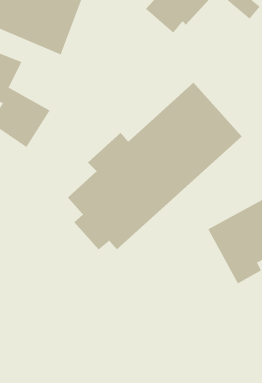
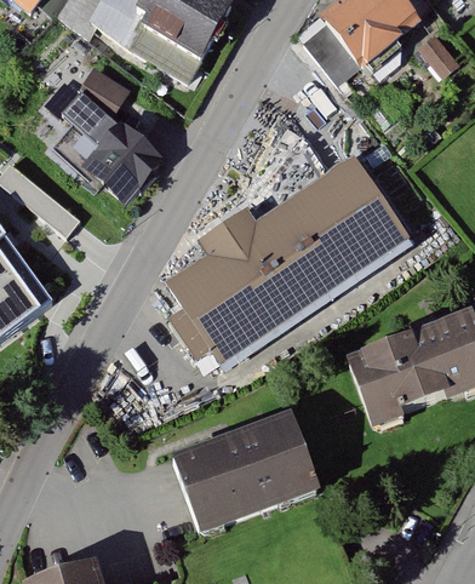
building: none -> [173,408,327,532]

